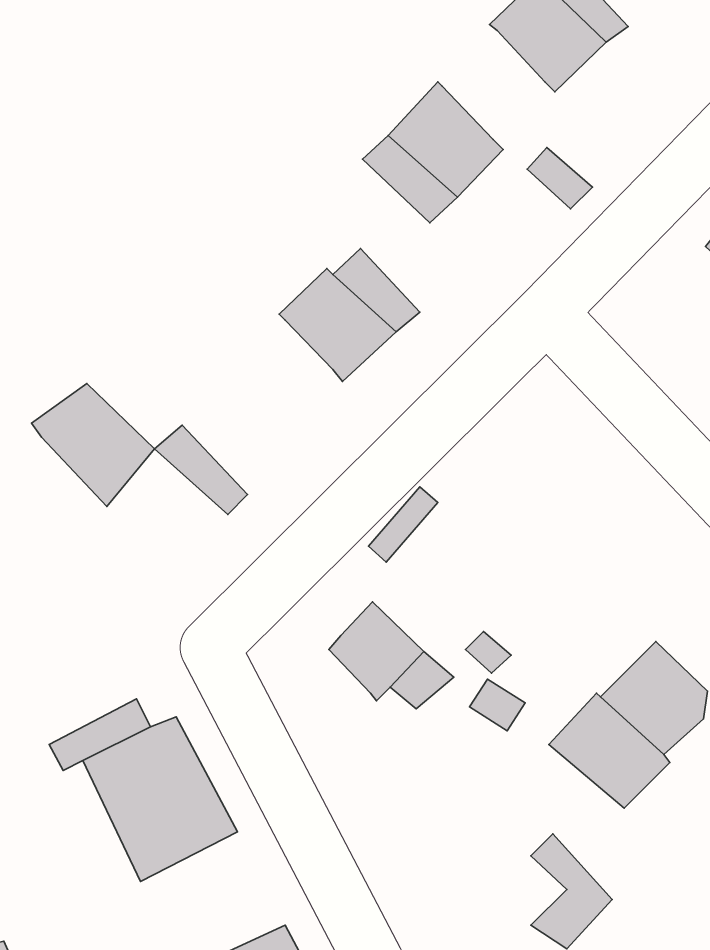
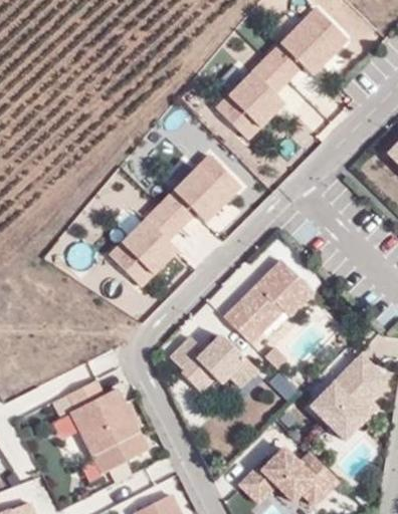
building: none -> [252,43,305,98]
building: none -> [153,190,197,236]
building: [31,384,154,507] -> [116,216,178,278]
building: none -> [224,260,315,344]
building: none -> [169,338,216,393]
building: none -> [236,446,316,504]

